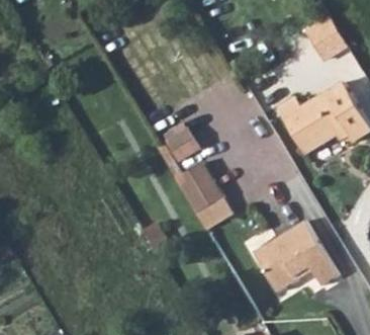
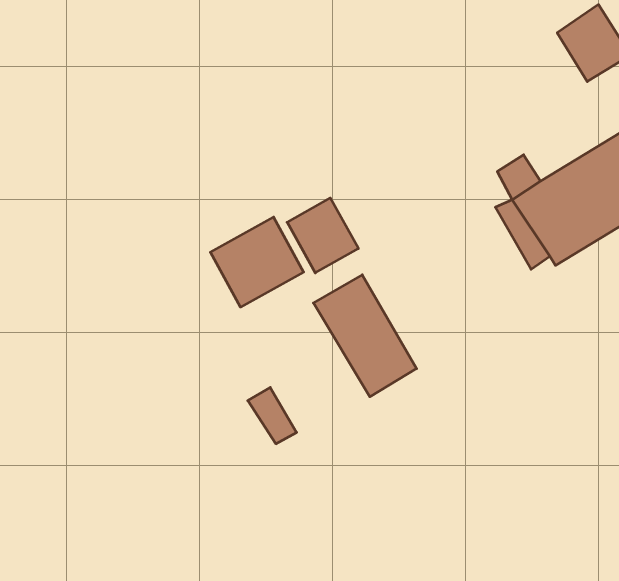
building: none -> [210,217,304,307]
building: [253,221,337,294] -> none

